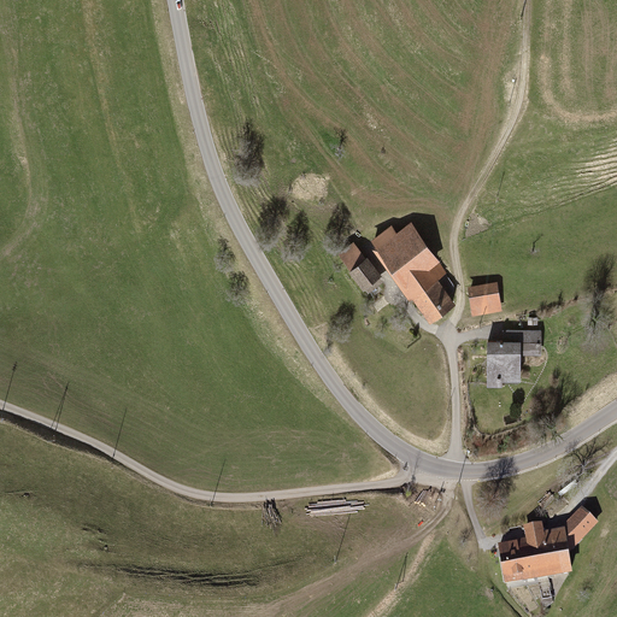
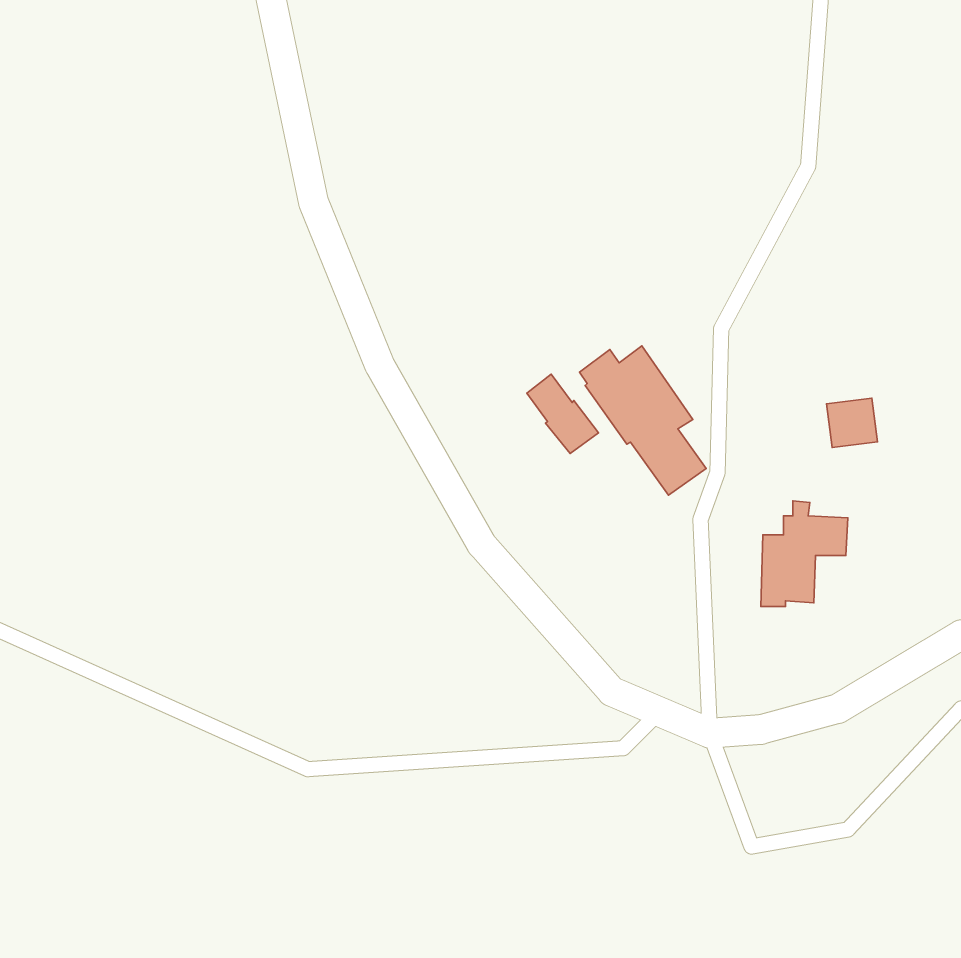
building: [466,281,499,312] -> [826,398,877,447]
building: [500,510,598,584] -> none

